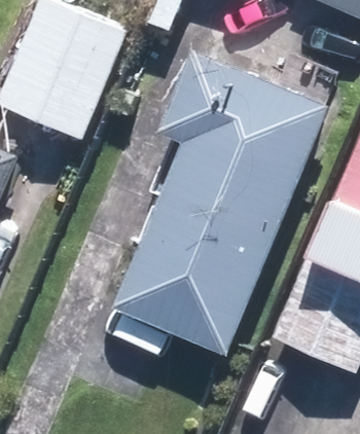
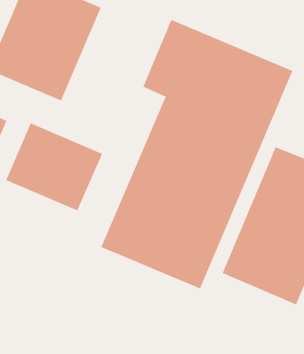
building: none -> [5,122,103,211]

